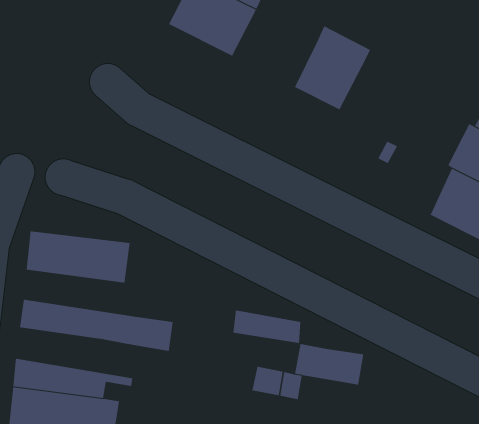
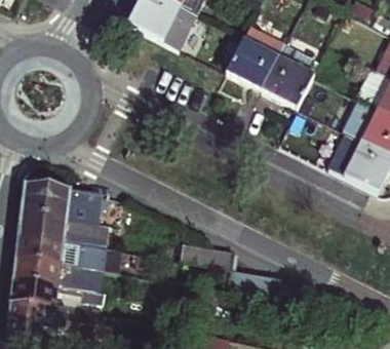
building: none -> [261,43,314,108]
building: none -> [18,211,109,247]
building: none -> [12,256,105,295]

